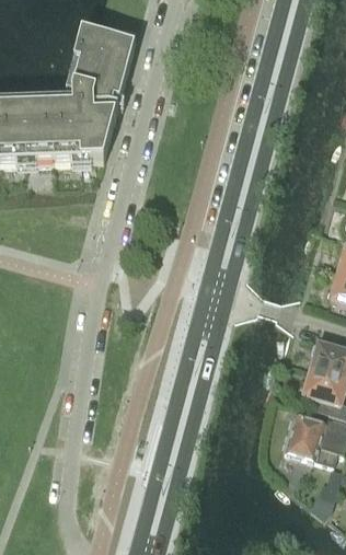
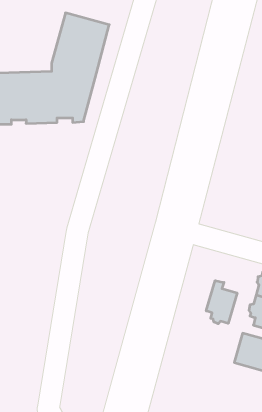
building: none -> [206,281,237,324]

